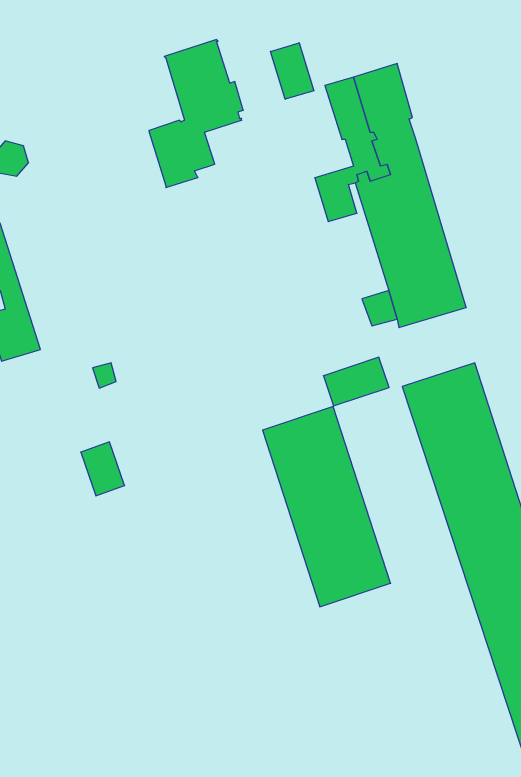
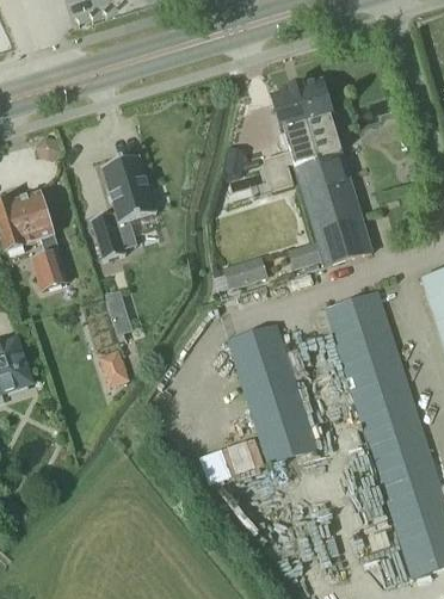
building: [149,40,243,188] -> [91,155,158,260]
building: [270,43,314,99] -> none
building: [323,357,389,406] -> [222,254,269,289]

